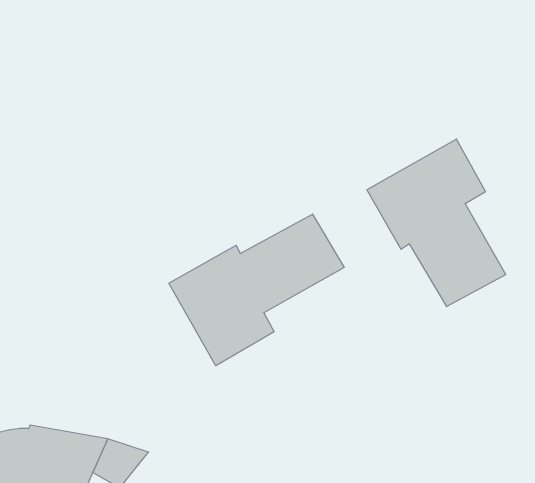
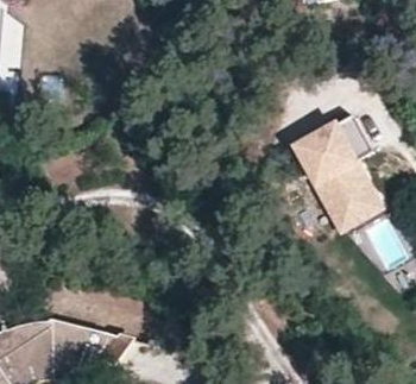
building: [169,214,344,366] -> none

